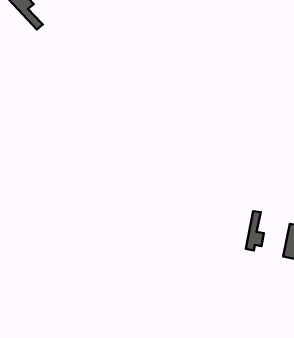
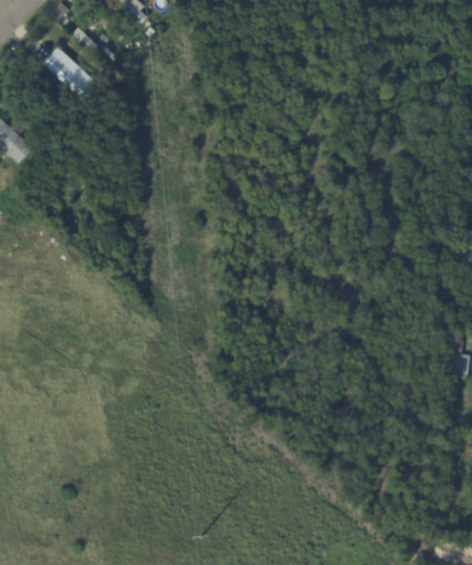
building: [246,211,264,250] -> none

